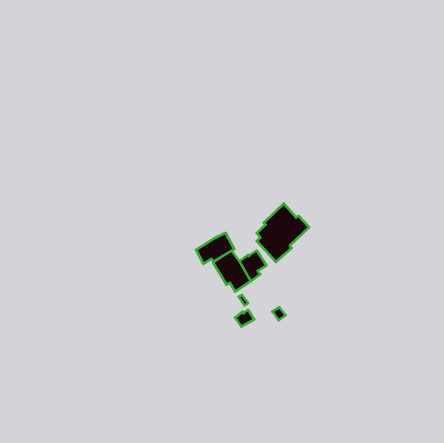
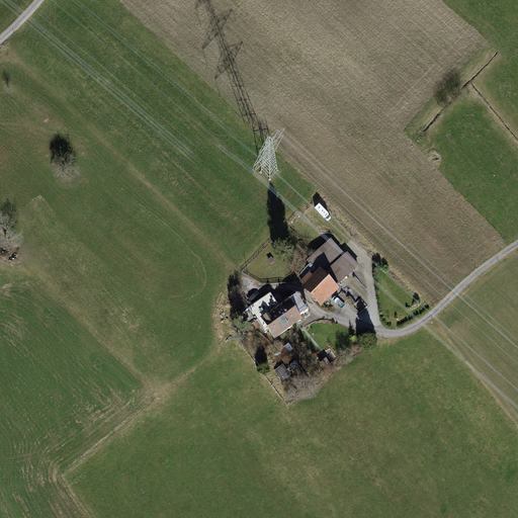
building: [196,233,234,264] -> none

